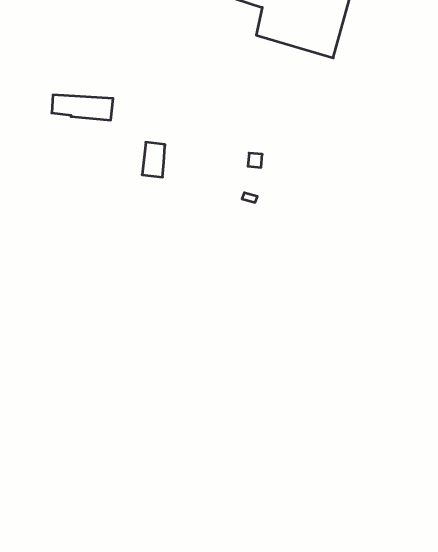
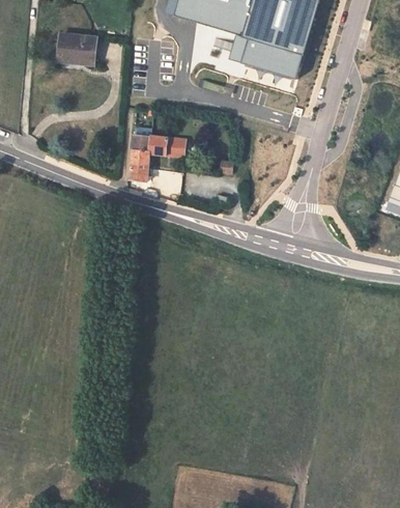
building: none -> [60,33,96,64]
building: [52,95,113,120] -> [134,135,187,157]

